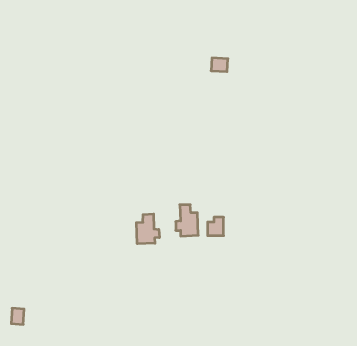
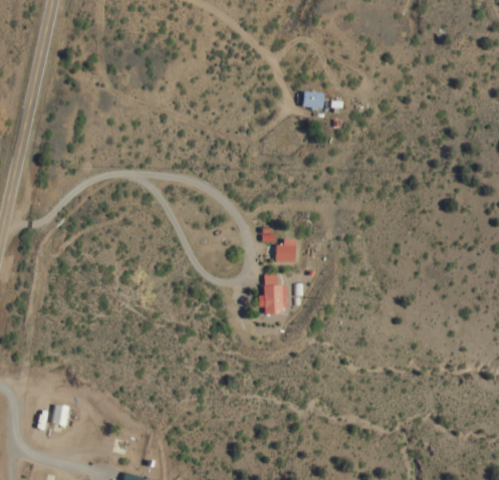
building: [136,214,159,244] -> none
building: [208,217,224,236] -> [276,238,296,261]

